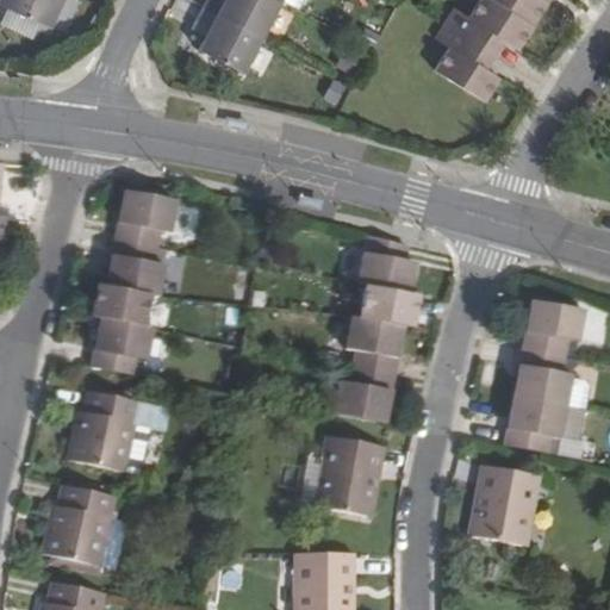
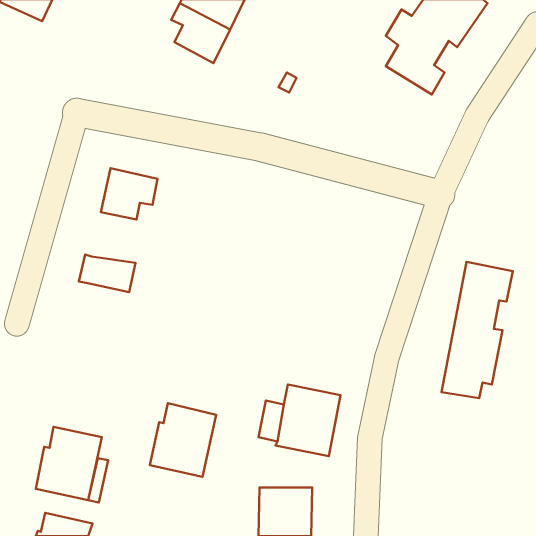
building: [330,235,418,422] -> none
building: [105,241,167,299] -> none
building: [88,320,154,375] -> none
building: [67,390,142,473] -> [150,403,216,477]
building: [468,463,541,546] -> none

